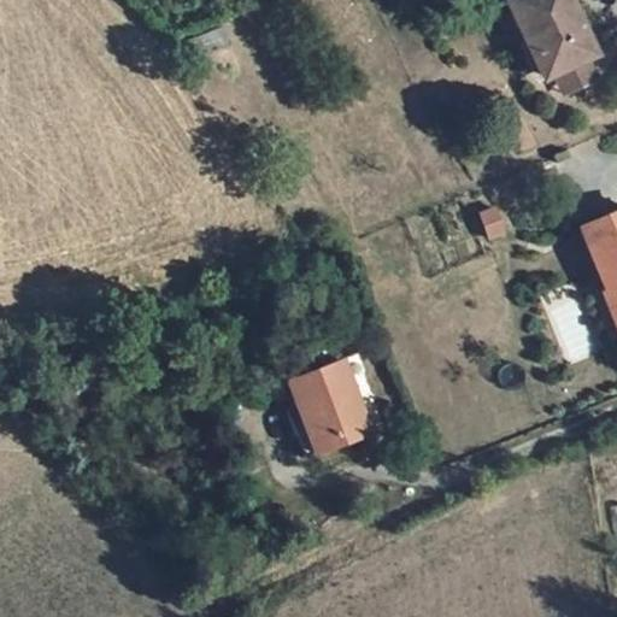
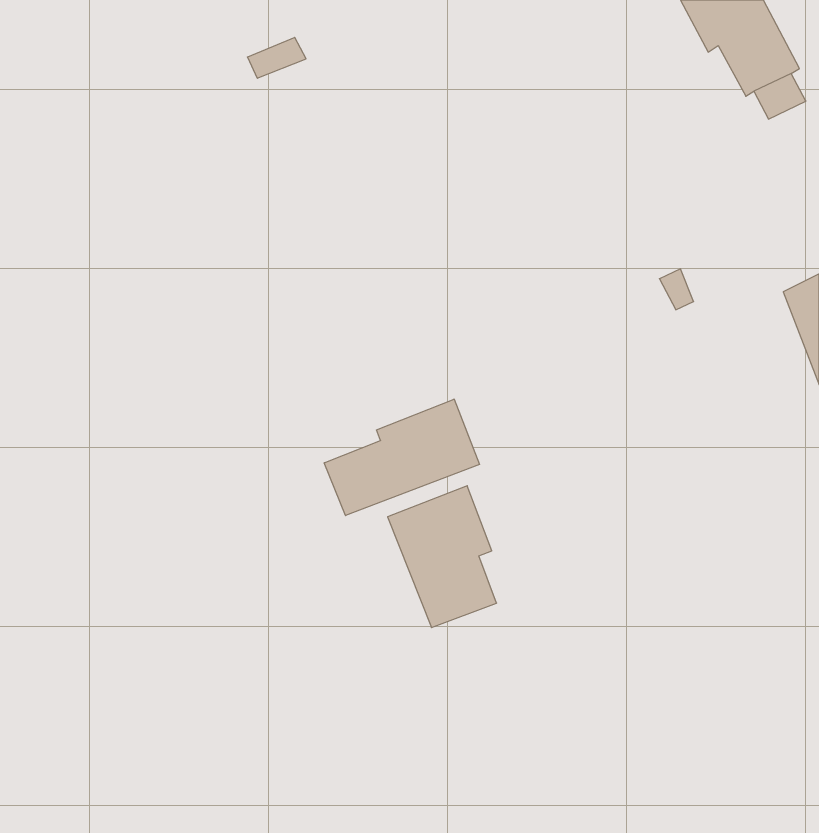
building: none -> [324,399,479,516]

